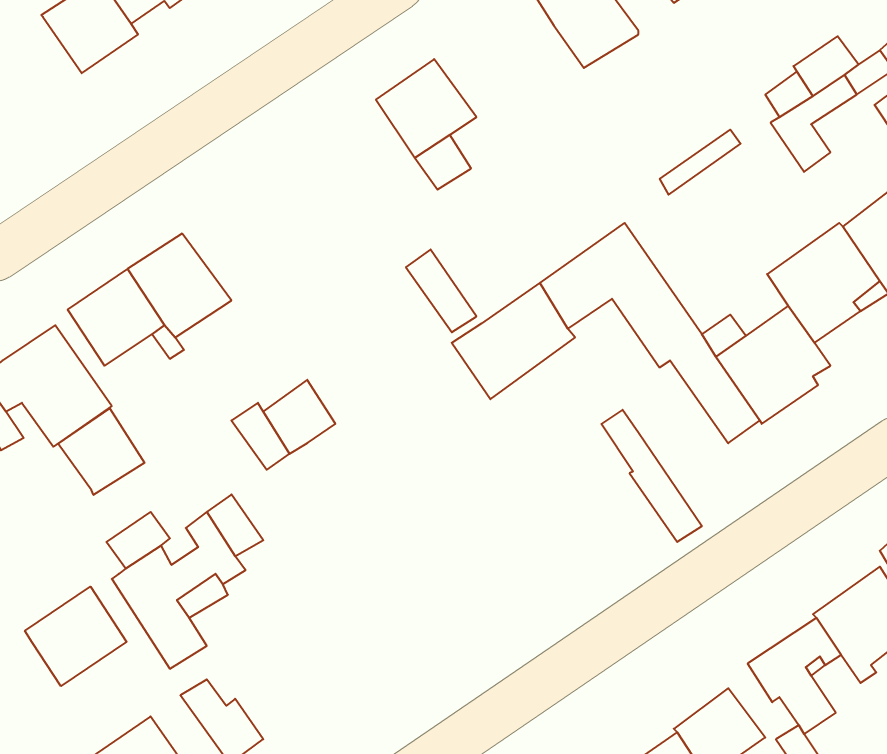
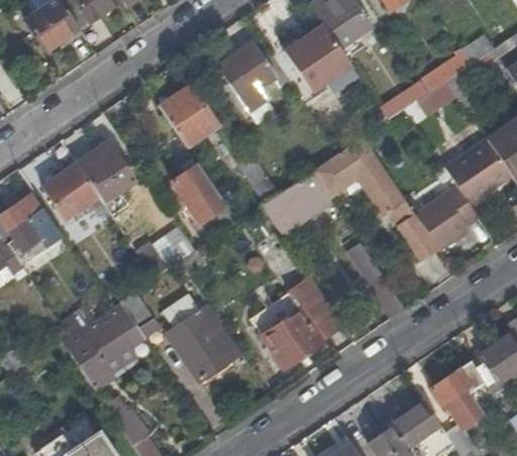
building: none -> [280,23,347,90]
building: none -> [159,84,218,146]
building: none -> [170,161,235,231]
building: [58,408,144,495] -> none
building: none -> [250,277,343,365]
building: none -> [168,298,242,382]
building: [25,587,127,686] -> none

